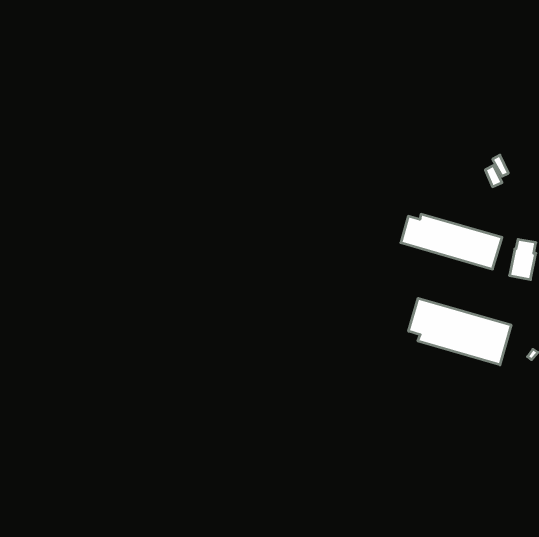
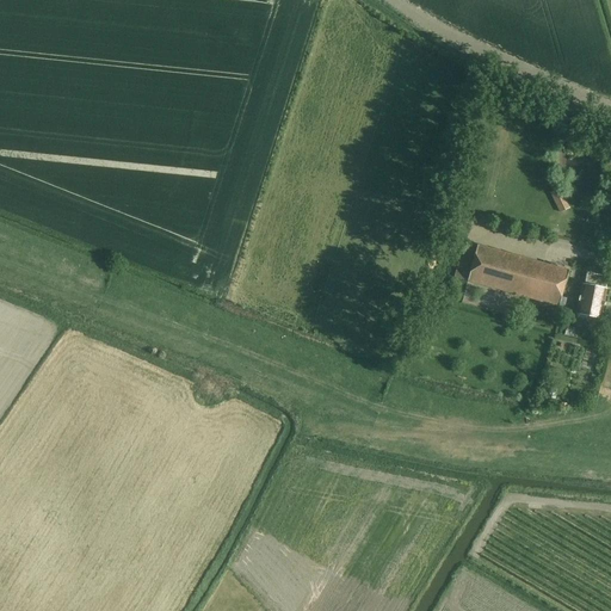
building: [409,298,511,365] -> none

